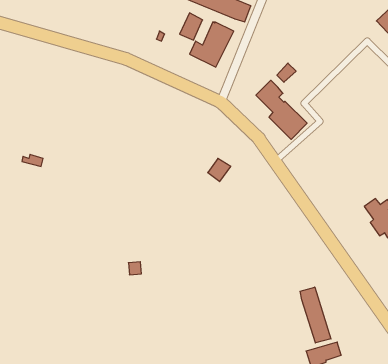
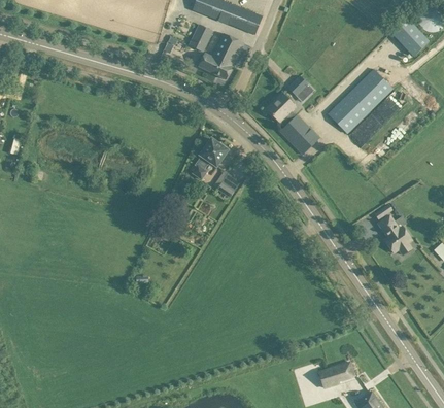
building: none -> [329,68,392,133]
building: none -> [193,138,228,178]
building: [300,287,331,343] -> none

